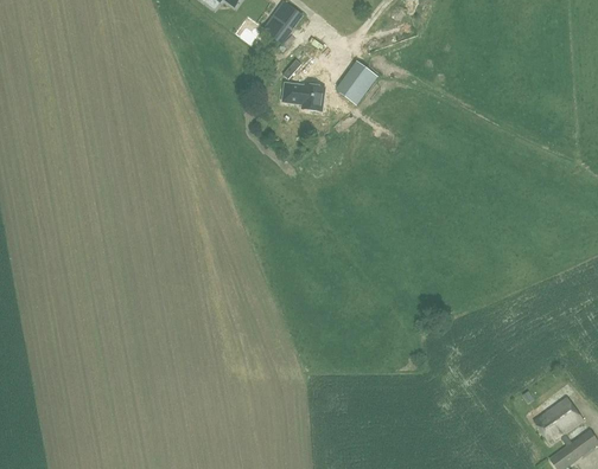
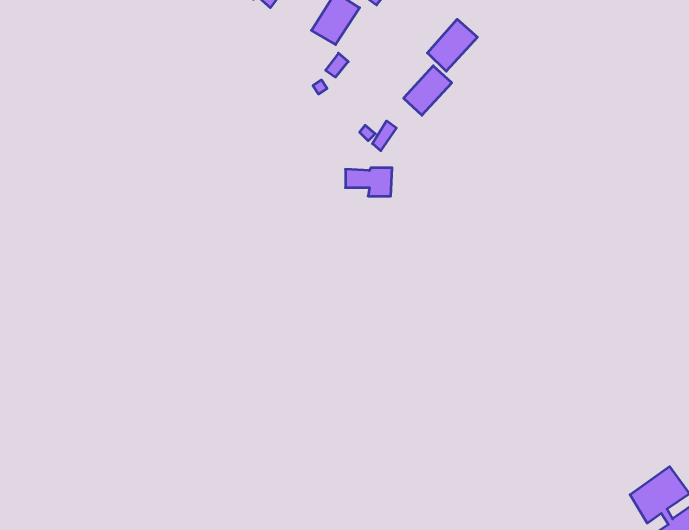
building: none -> [427,19,477,71]
building: [284,83,323,107] -> [345,168,392,196]

